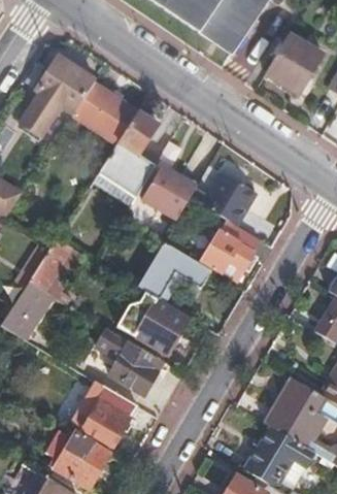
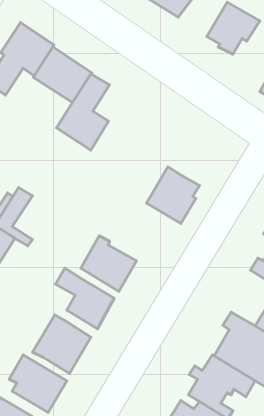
building: [142,167,197,221] -> none
building: [204,172,258,227] -> none
building: [138,243,211,304] -> none

